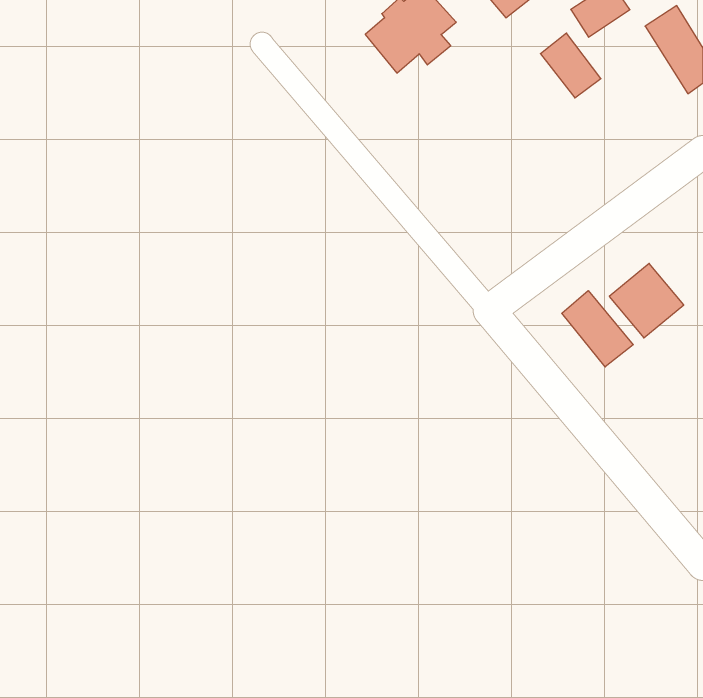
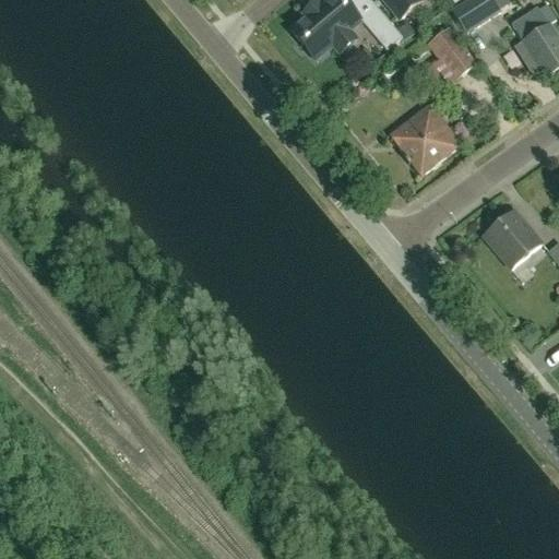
building: none -> [366,12,402,48]
building: none -> [389,102,461,175]
building: [562,291,633,367] -> none

